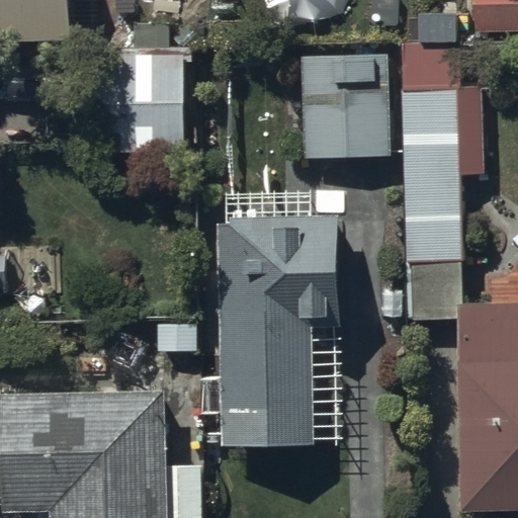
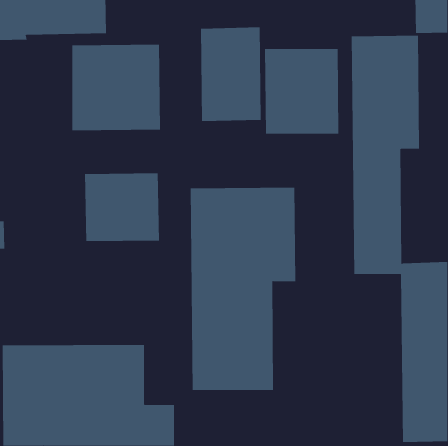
building: none -> [201,27,261,122]
building: none -> [84,173,160,242]

